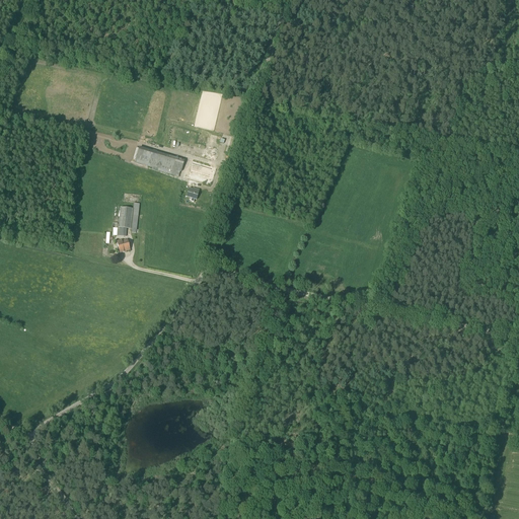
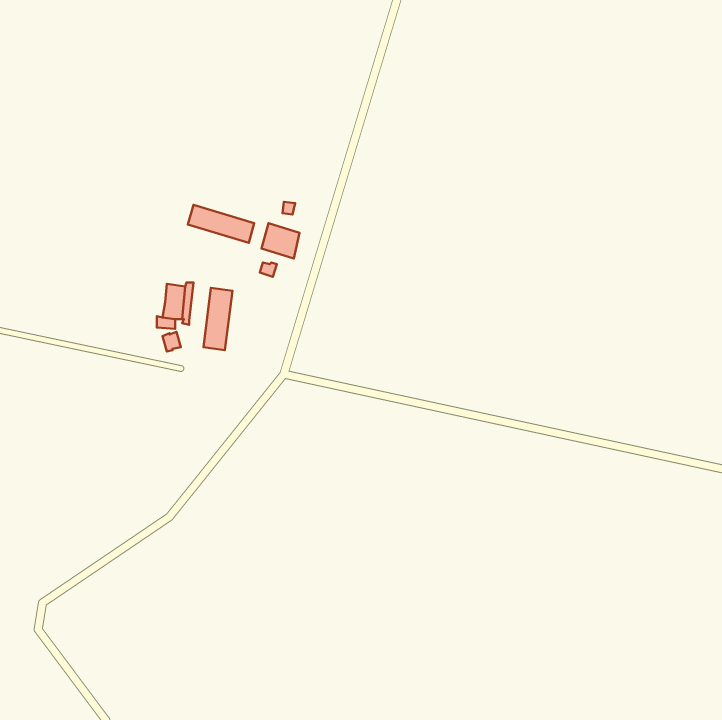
building: none -> [203,288,232,350]

